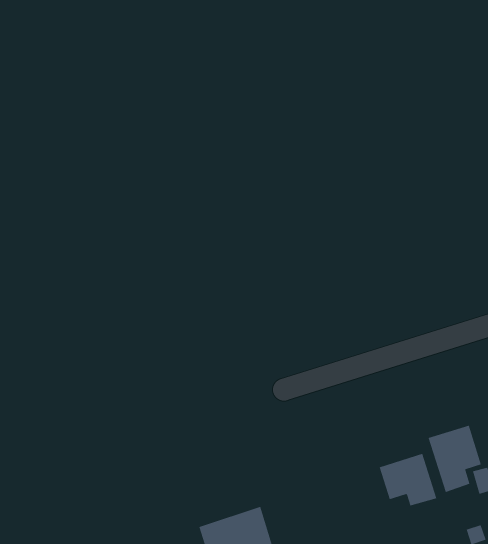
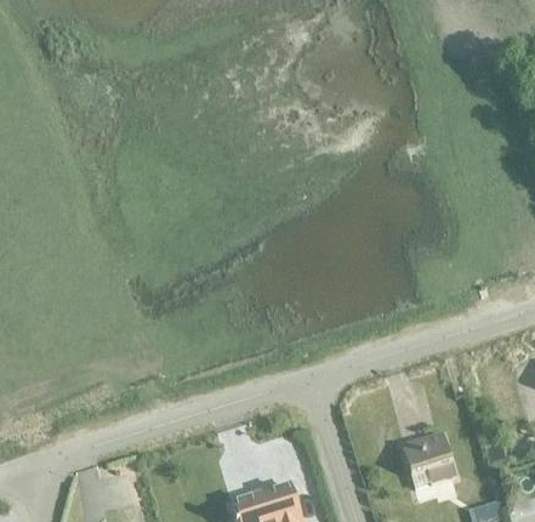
building: [428,425,482,493] -> none

